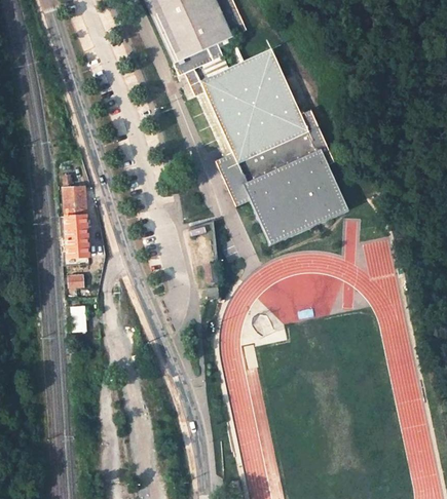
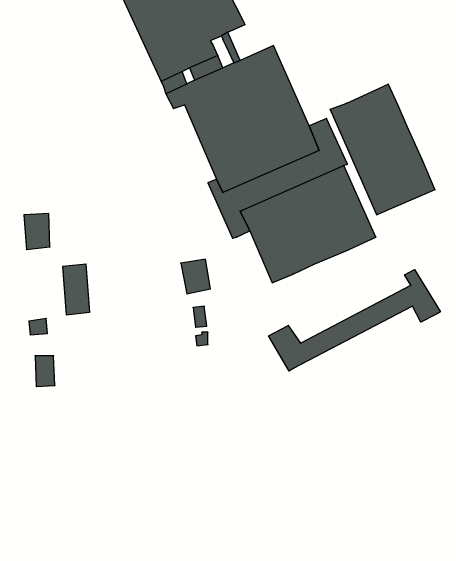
building: none -> [330,84,435,215]
building: [66,215,88,257] -> [63,264,90,315]
building: none -> [269,270,440,371]

